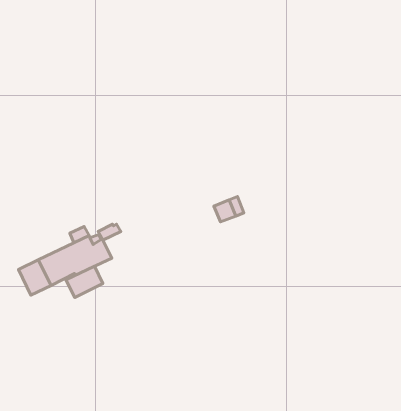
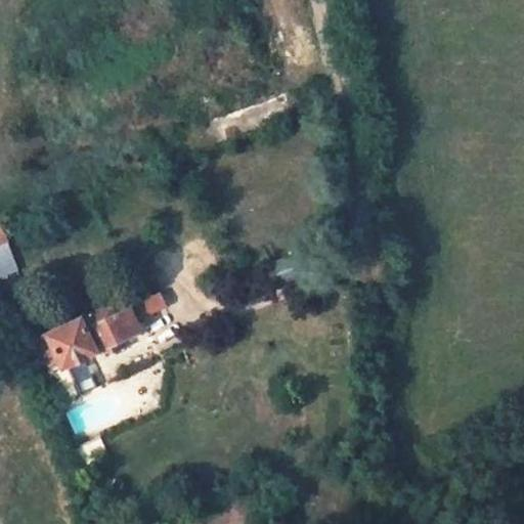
building: [66,266,103,298] -> none

